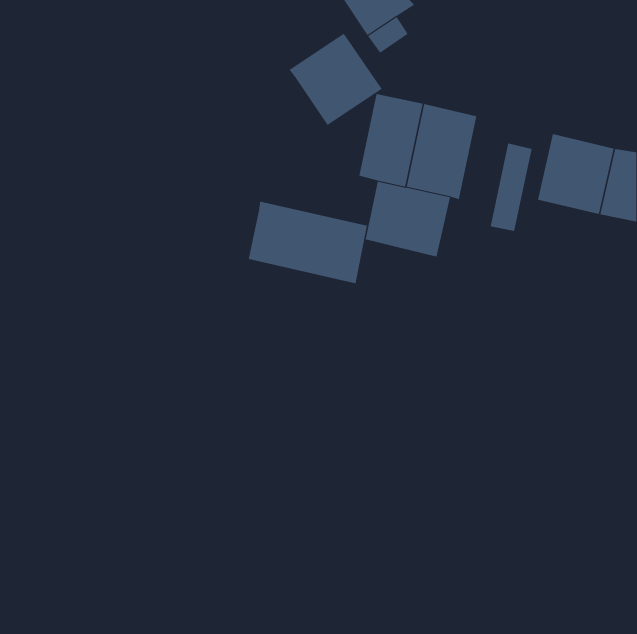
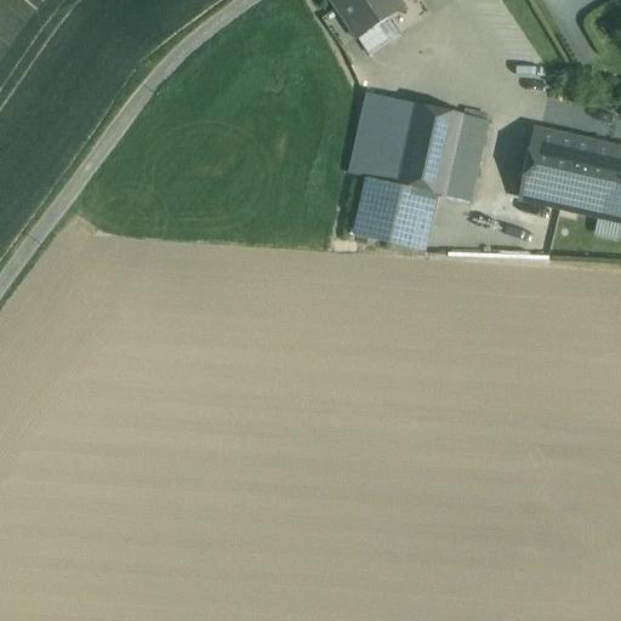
building: [289,33,383,126] -> none
building: [490,143,532,231] -> [446,113,488,199]
building: [248,201,368,284] -> none

